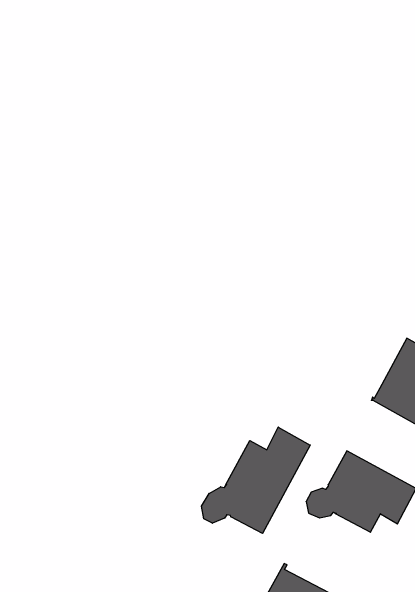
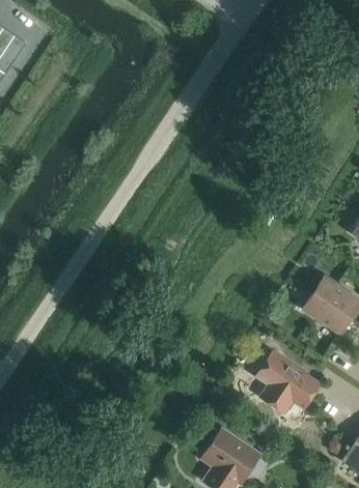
building: [201,427,310,533] -> none

